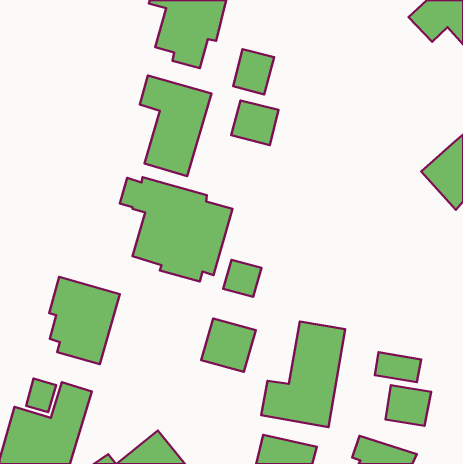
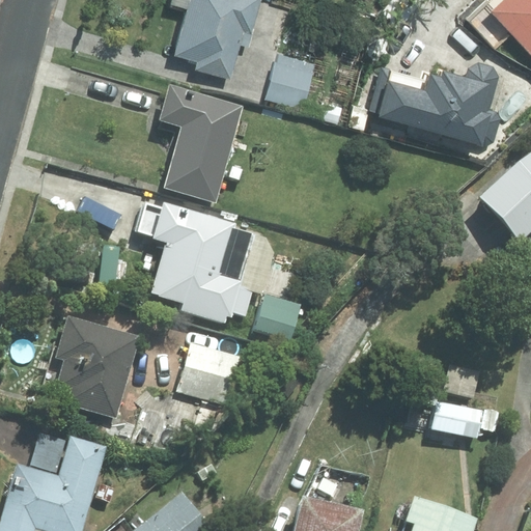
building: none -> [367,63,500,147]
building: [231,100,278,145] -> none
building: [201,318,256,372] -> [176,343,239,404]
building: [261,322,345,427] -> none
building: [386,385,431,426] -> none

